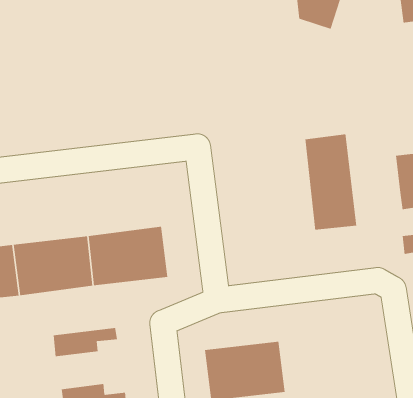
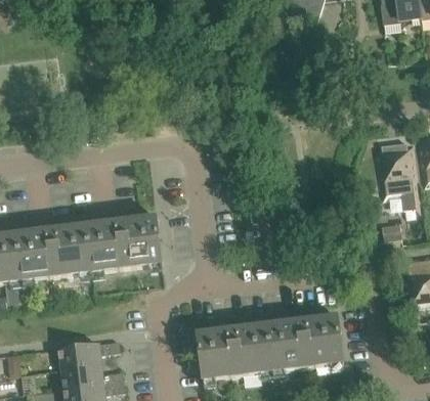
building: [305,134,357,230] -> none
building: [53,327,118,357] -> [58,340,120,367]
building: none -> [266,313,343,370]

